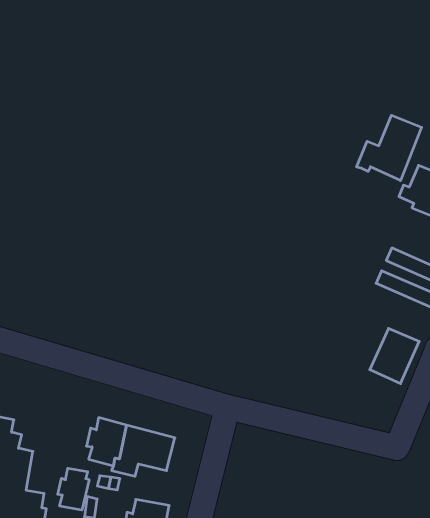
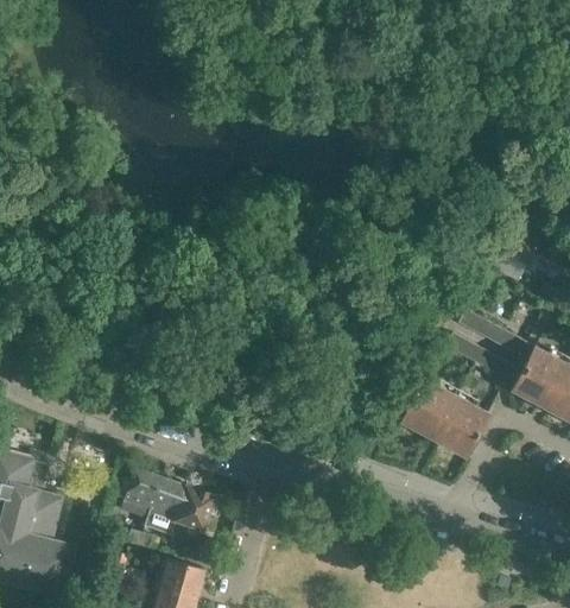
building: [357,115,422,181] -> none
building: none -> [401,379,457,439]
building: [58,468,89,510] -> none

